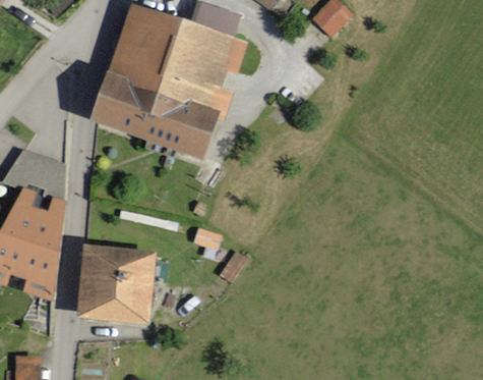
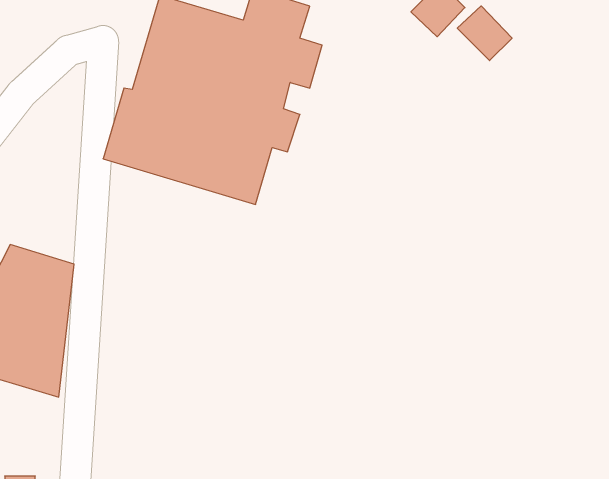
building: none -> [457,6,512,61]
building: [77,247,152,324] -> none

